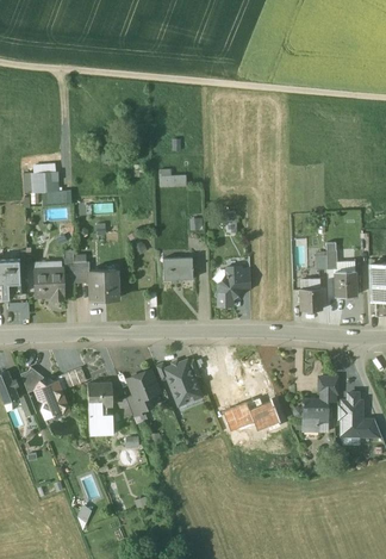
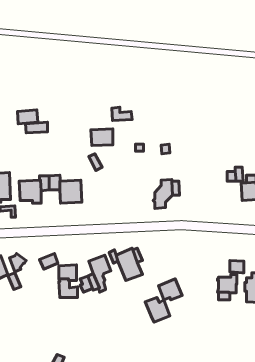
building: [163,257,193,280] -> [91,129,113,146]
building: [300,279,322,310] -> none
building: [36,378,69,417] -> none
building: [245,396,279,429] -> [145,297,170,322]

